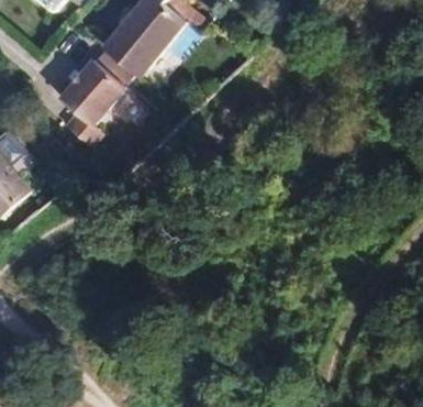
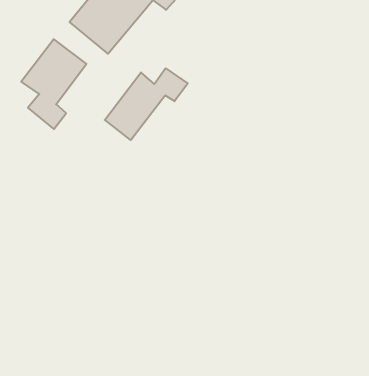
building: none -> [105,68,188,140]

